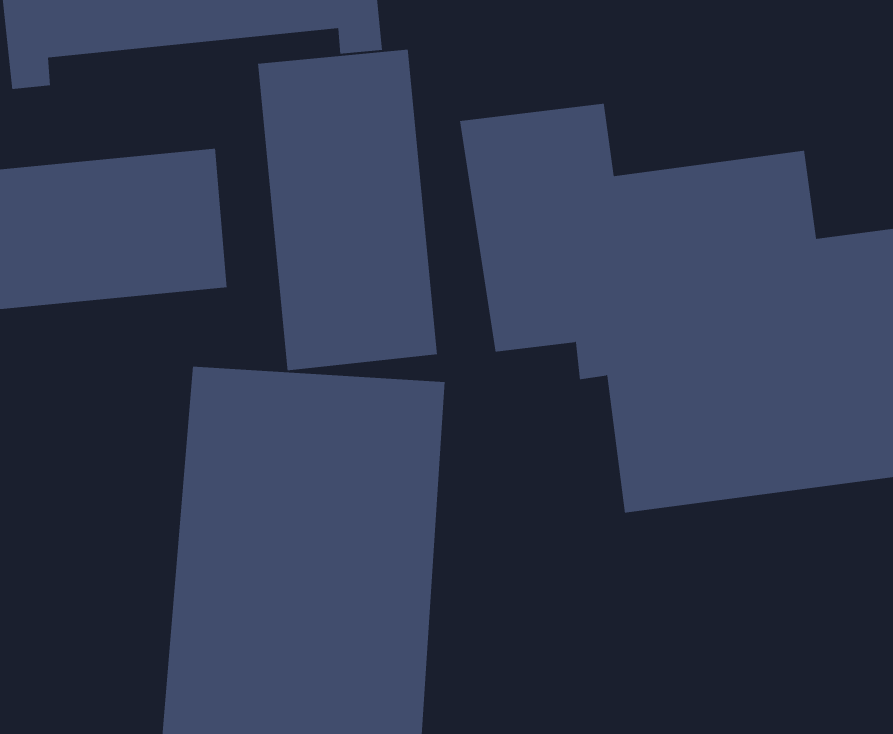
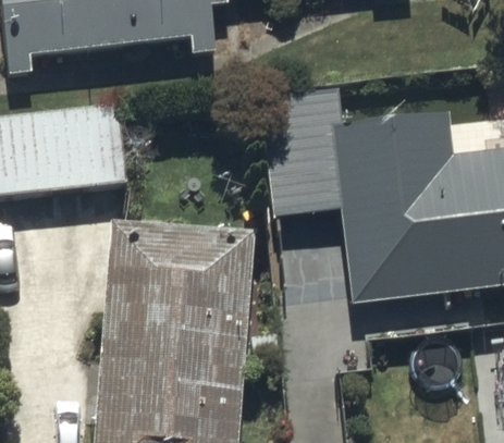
building: [257,49,437,371] -> none

